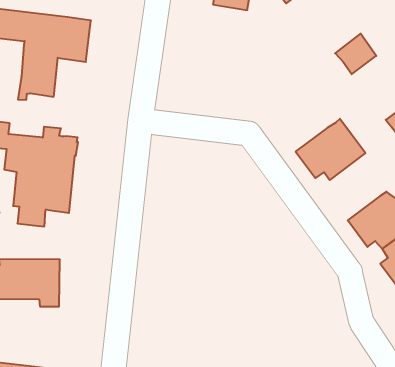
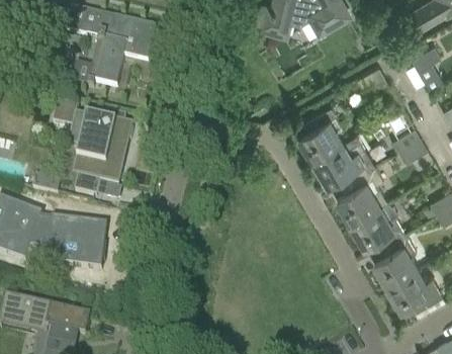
building: none -> [298,107,343,160]
building: none -> [337,167,386,223]

